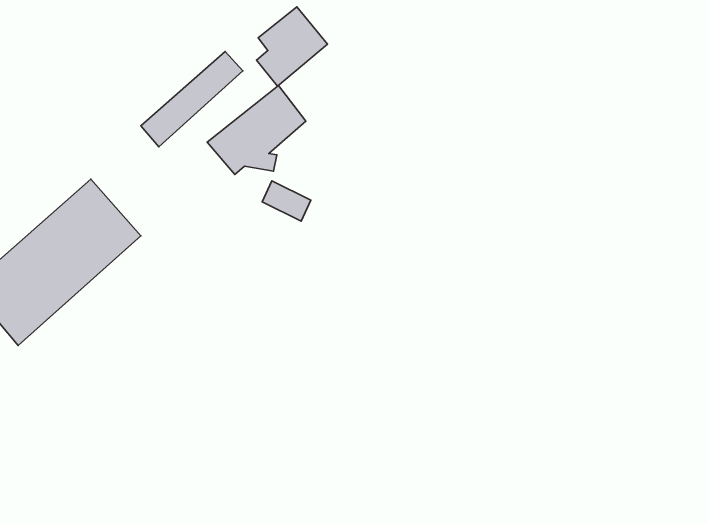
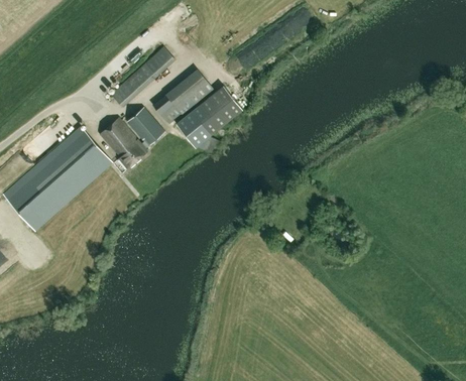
building: [257,7,328,86] -> [198,86,242,135]
building: none -> [99,108,164,168]

